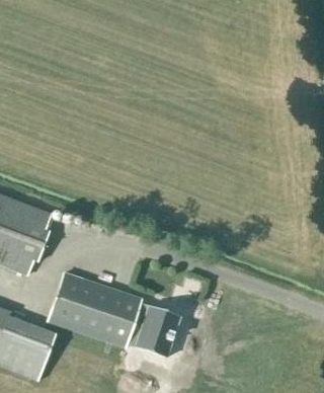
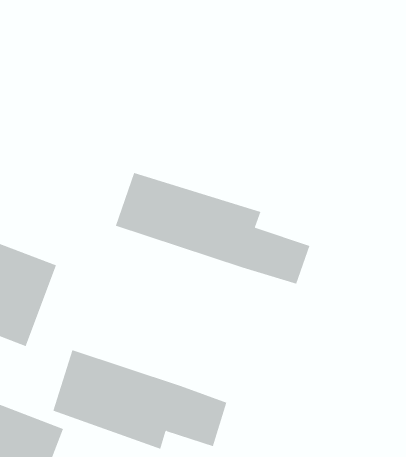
building: none -> [115,172,310,285]

